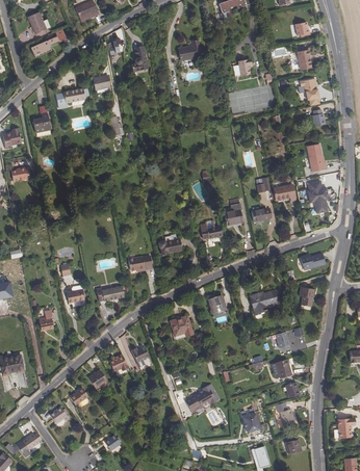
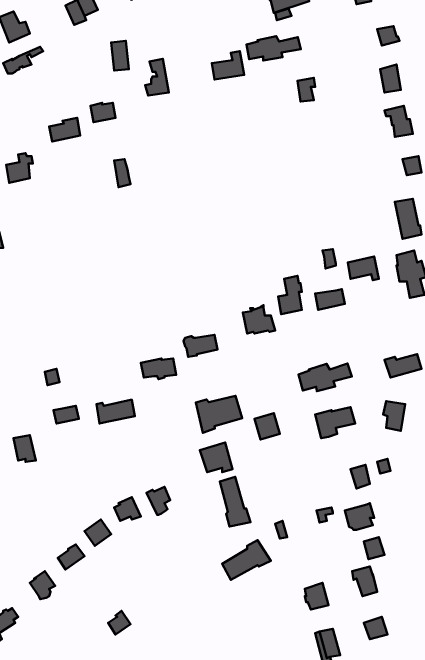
building: none -> [247,36,301,60]
building: none -> [299,364,352,391]
building: none -> [196,396,242,433]
building: none -> [220,477,250,526]

